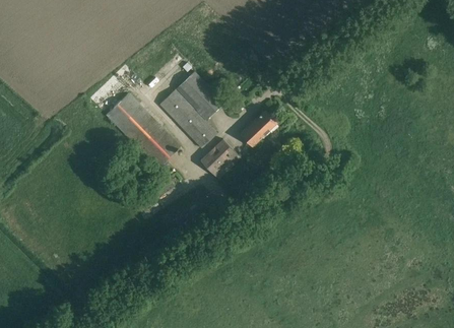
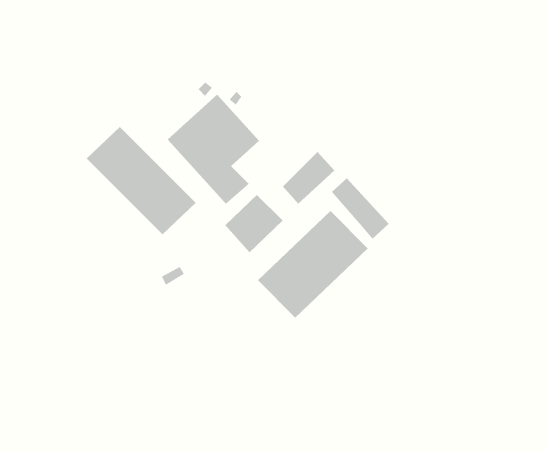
building: none -> [331,177,389,239]
building: none -> [257,210,369,319]

